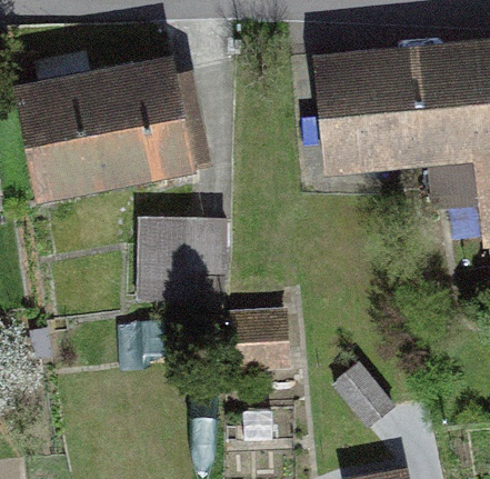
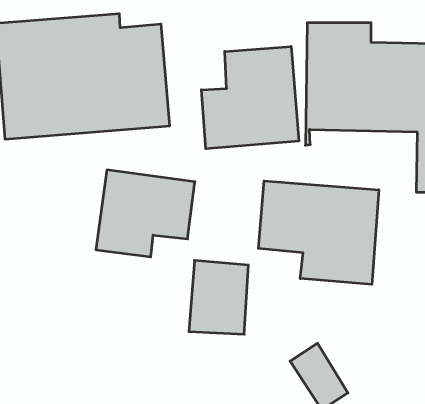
building: none -> [201,46,299,149]
building: none -> [258,181,379,284]

